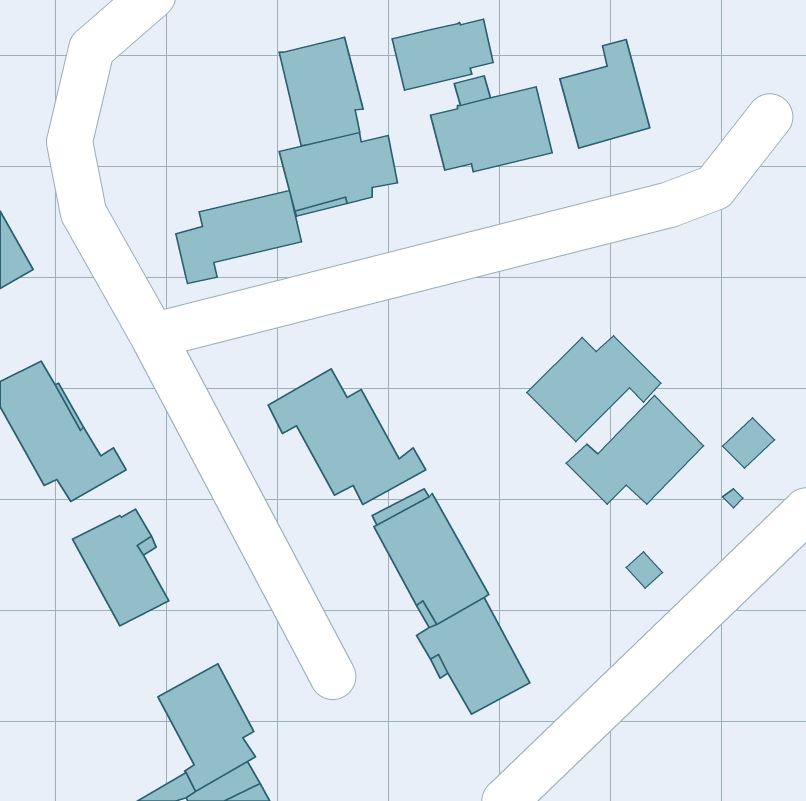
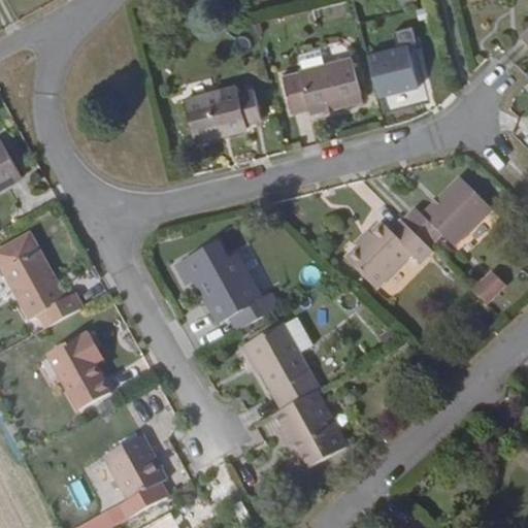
building: [392,19,493,90] -> none
building: [279,37,363,146] -> none
building: [176,190,302,283] -> none
building: [566,395,703,504] -> [401,175,491,246]

